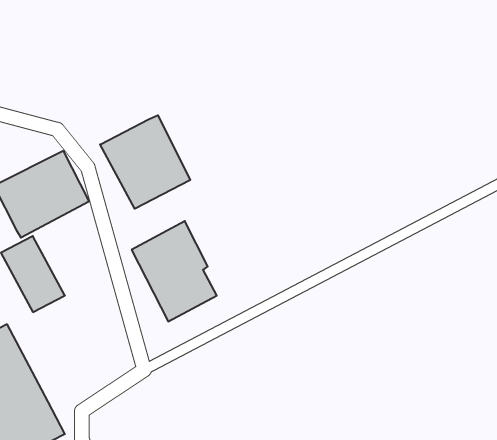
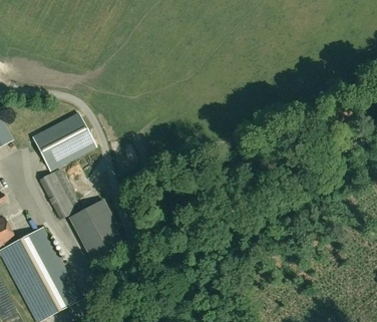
building: [100,115,190,209] -> none
building: [132,221,217,321] -> [68,198,124,264]

